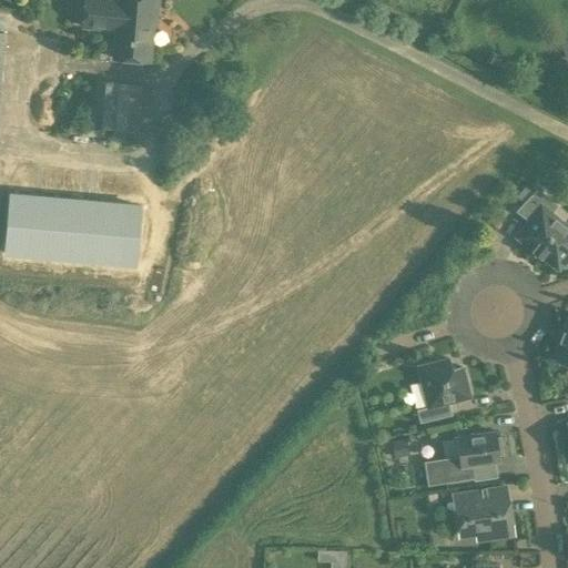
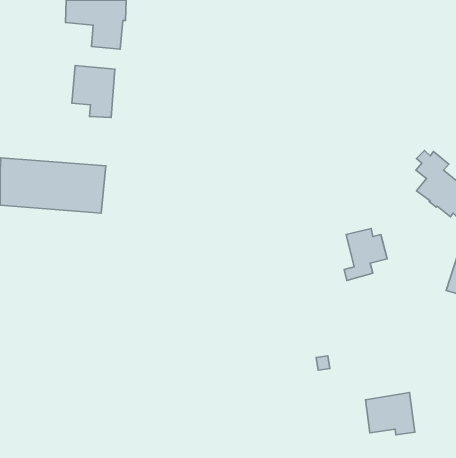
building: [418,358,471,423] -> [344,228,387,280]
building: [426,432,505,485] -> none

